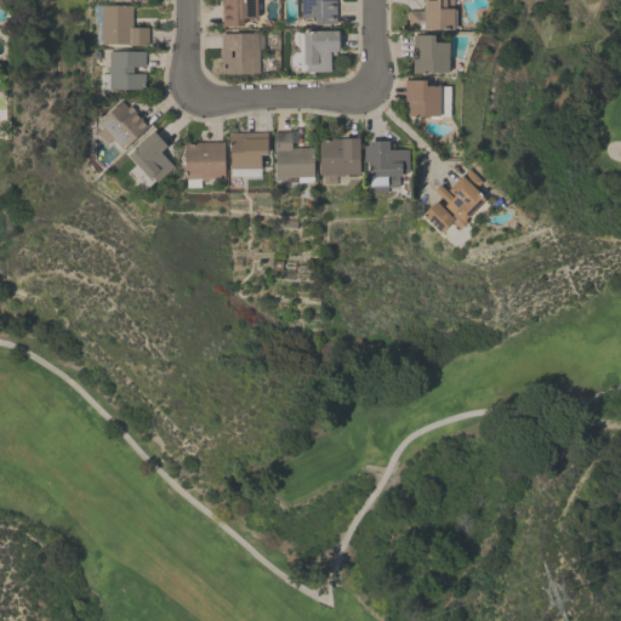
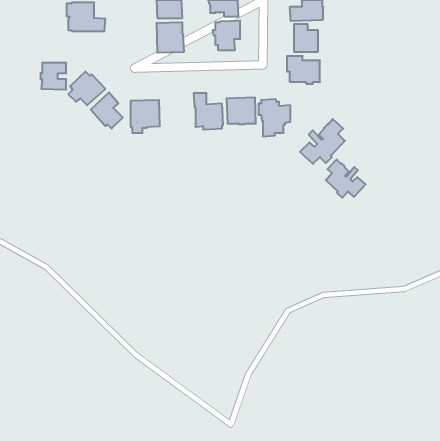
building: [109,51,146,89] -> [40,63,66,90]
building: [230,131,269,176] -> none
building: none -> [326,159,366,198]

